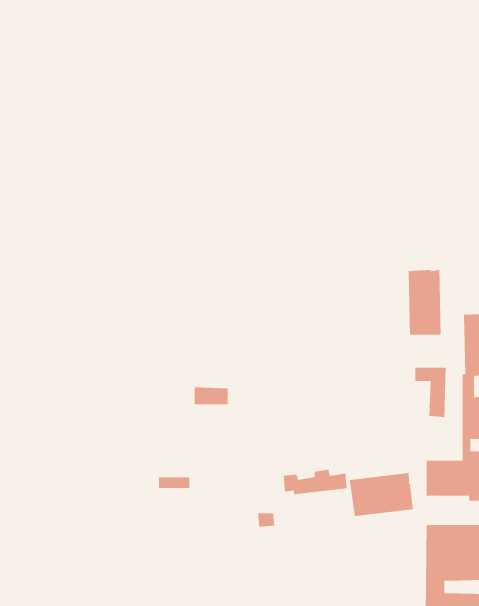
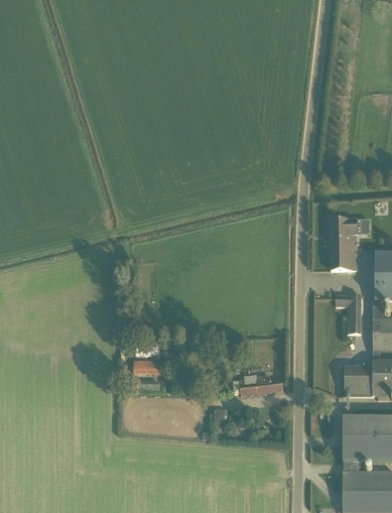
building: [194,387,229,405] -> [134,358,161,372]
building: [349,472,413,517] -> none

